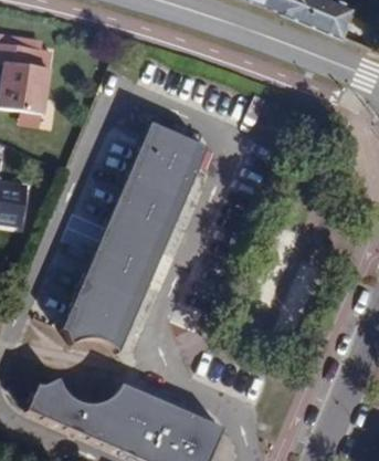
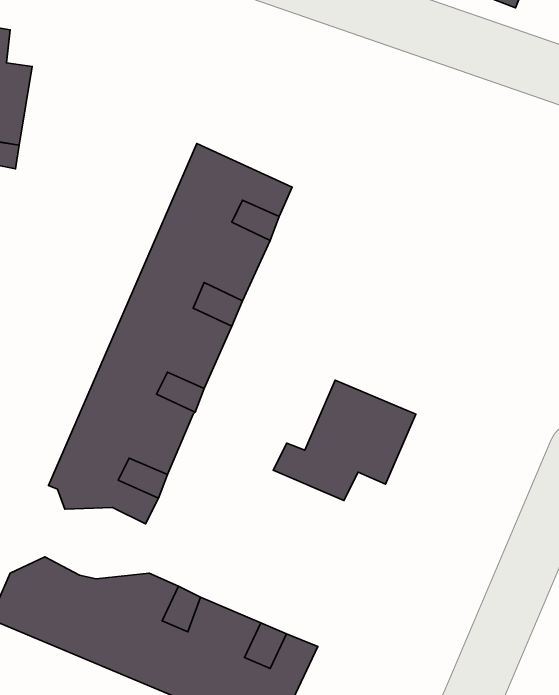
building: none -> [273,380,416,500]

